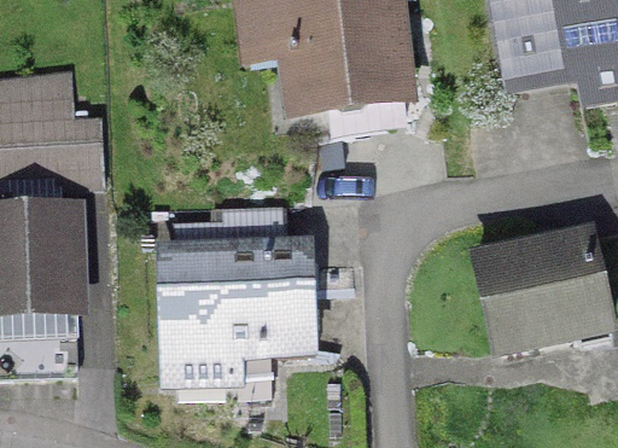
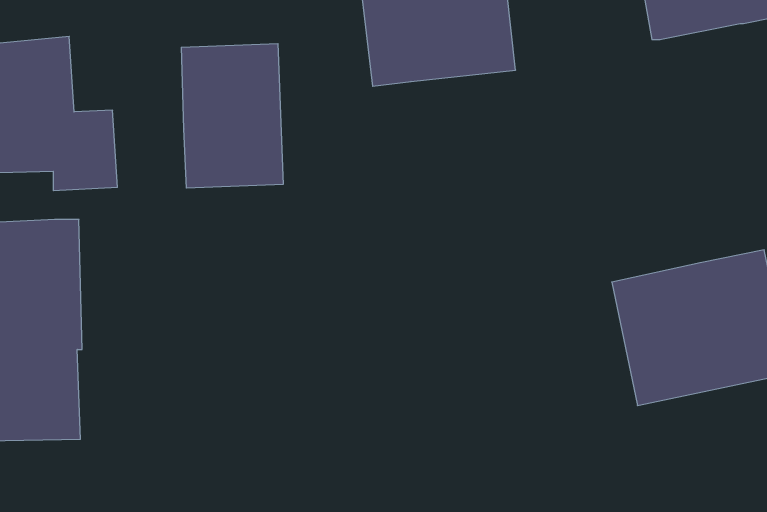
building: none -> [181,44,283,188]
building: [167,229,302,380] -> none

